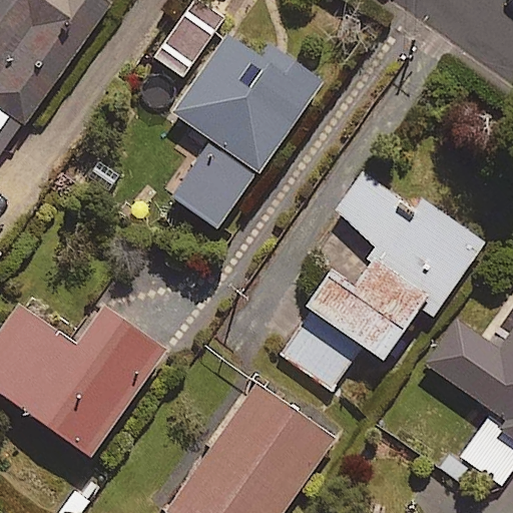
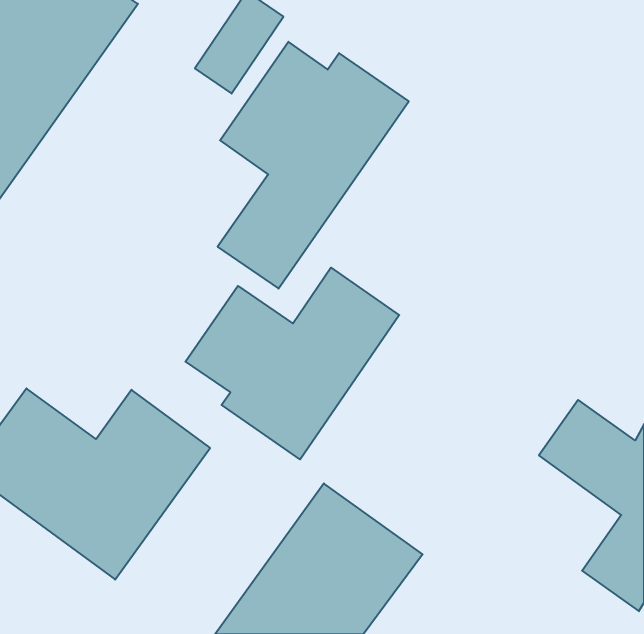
building: [282,170,484,385] -> none
building: none -> [185,268,399,459]

